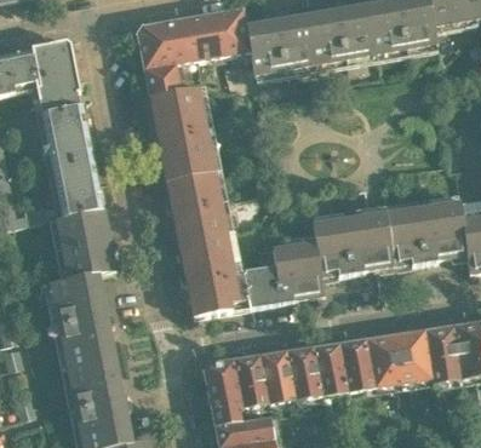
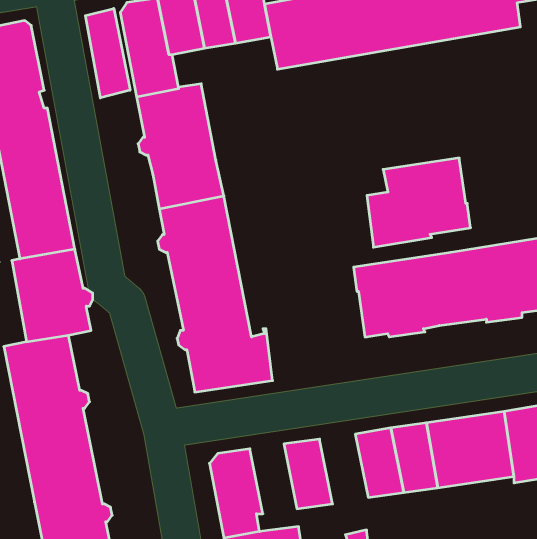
building: none -> [85,8,130,98]
building: [246,241,323,308] -> [367,158,471,247]
building: [286,348,322,400] -> none
building: [234,355,269,407] -> none

